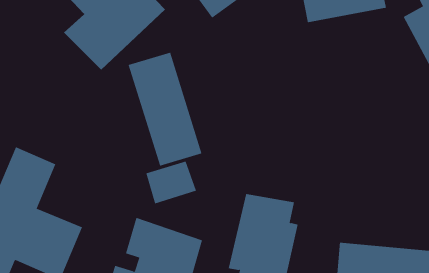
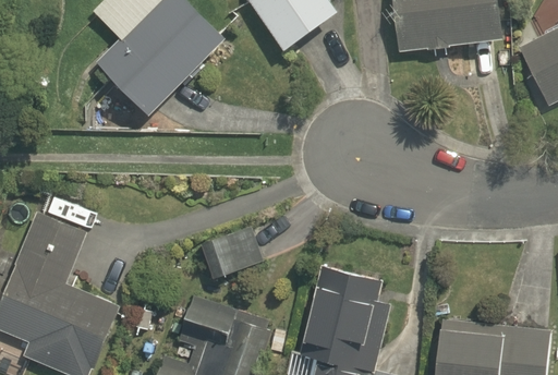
building: [128,52,202,167] -> none

